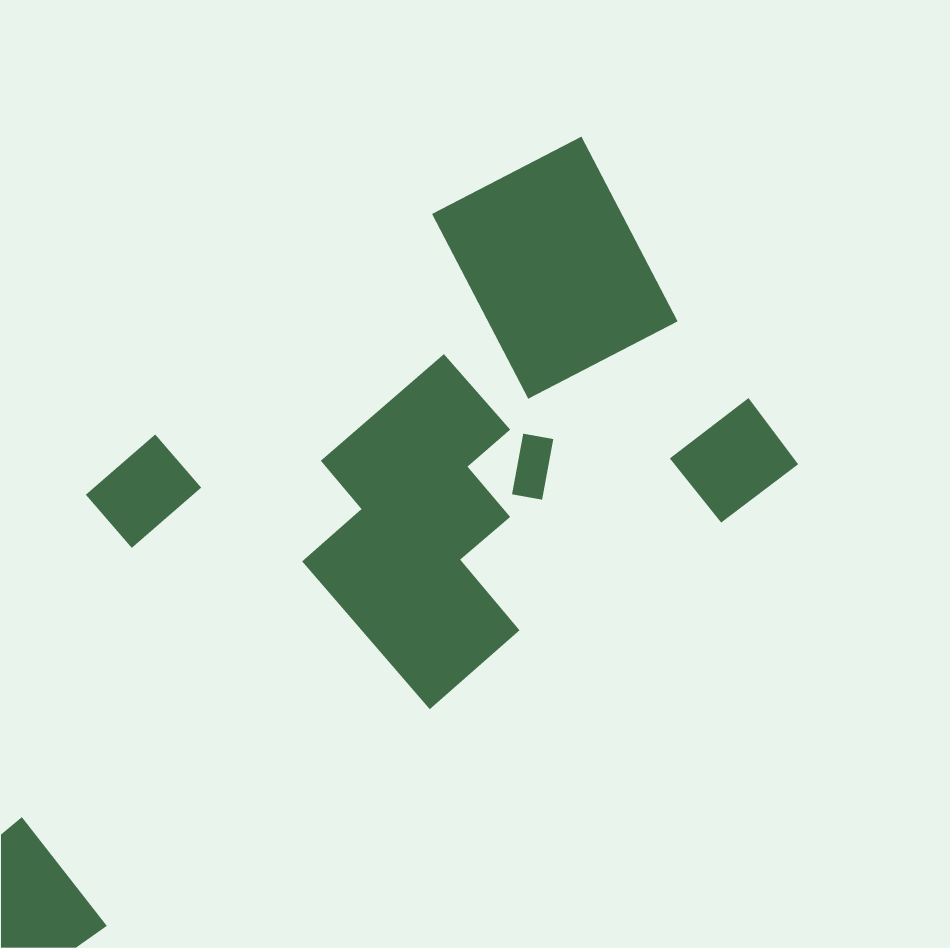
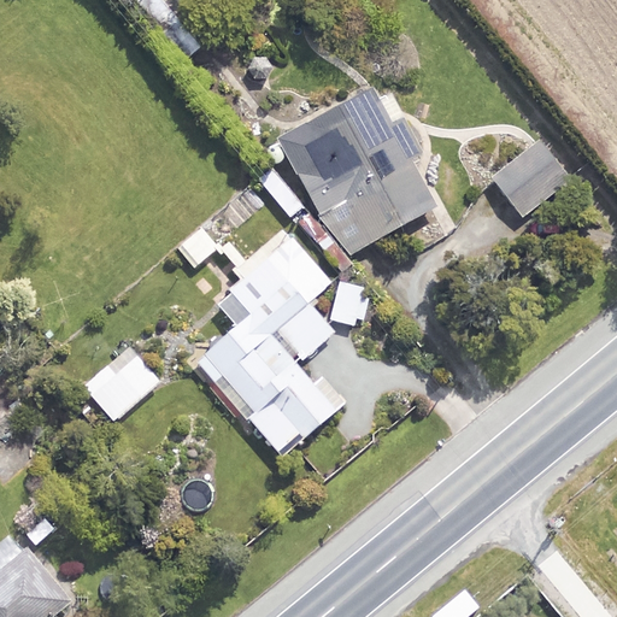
building: [669,397,799,524] -> [486,139,570,221]
building: [85,434,202,549] -> [82,346,158,421]

